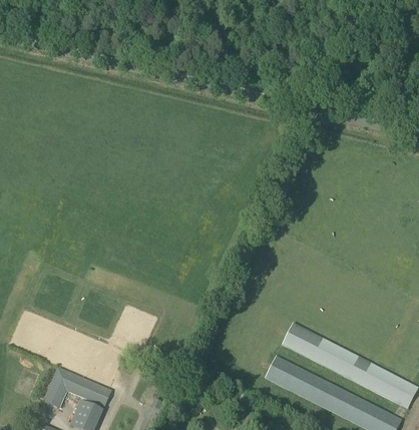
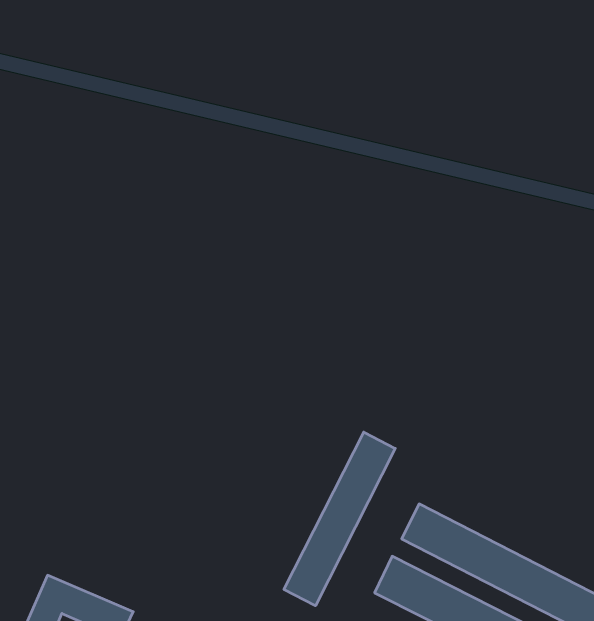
building: none -> [284,432,395,606]

